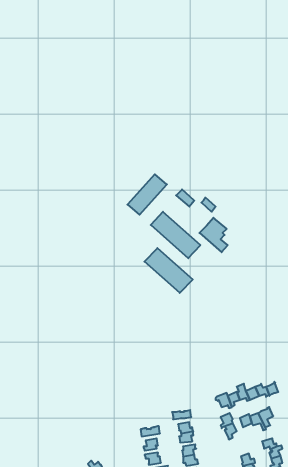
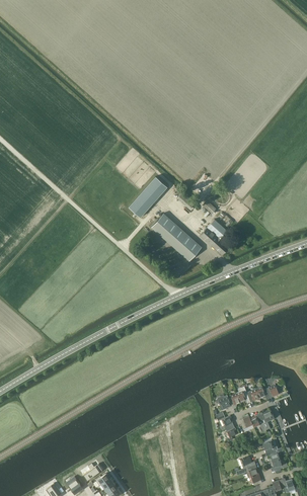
building: [144,248,193,293] -> none

